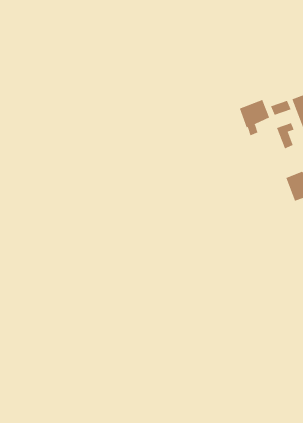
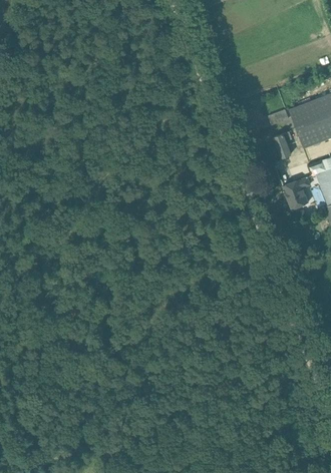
building: [239,99,270,136] -> none

